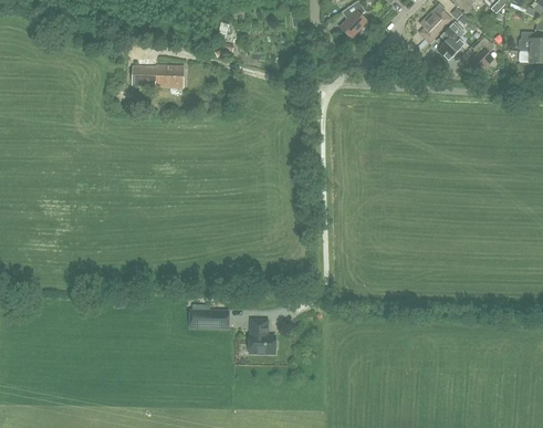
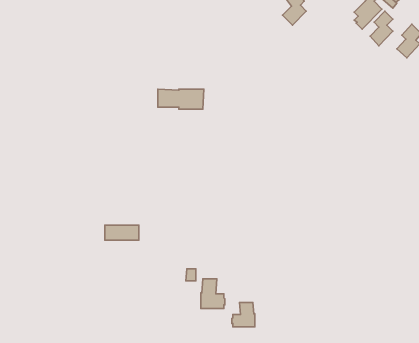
building: [133,63,184,85] -> [158,89,204,109]
building: [190,310,228,326] -> [105,225,139,240]
building: none -> [232,302,255,327]

